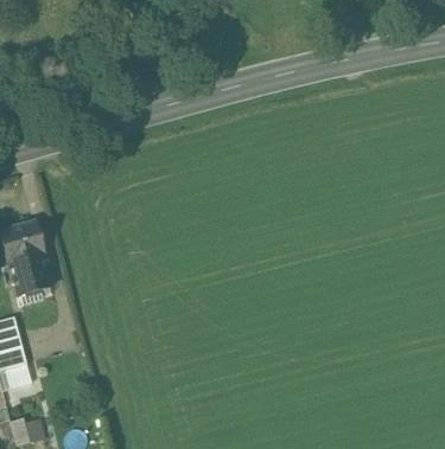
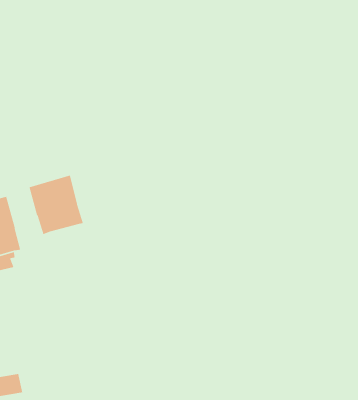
building: none -> [28,175,84,235]

